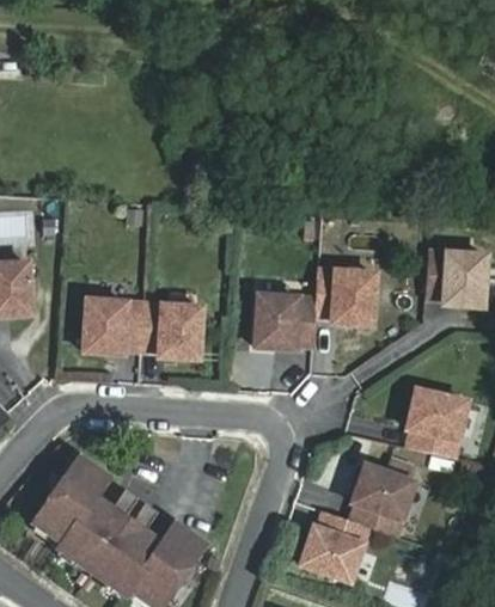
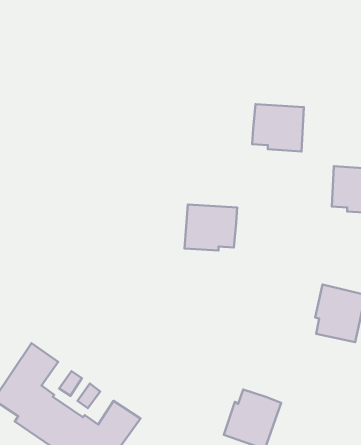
building: [314,269,374,324] -> [252,104,304,151]
building: [84,300,201,358] -> none
building: [349,462,412,533] -> none

